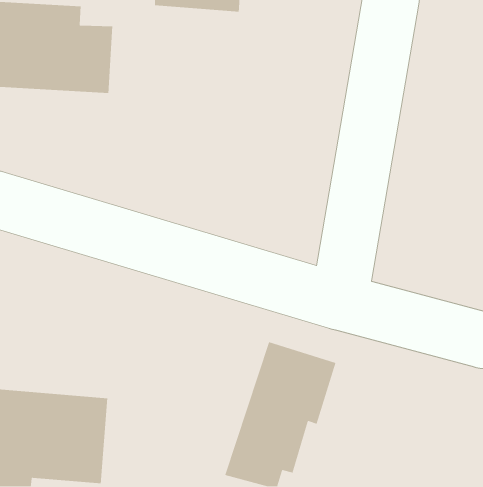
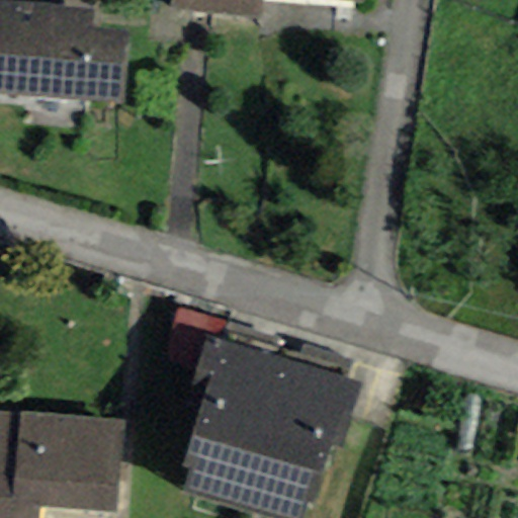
building: none -> [180,337,283,502]

